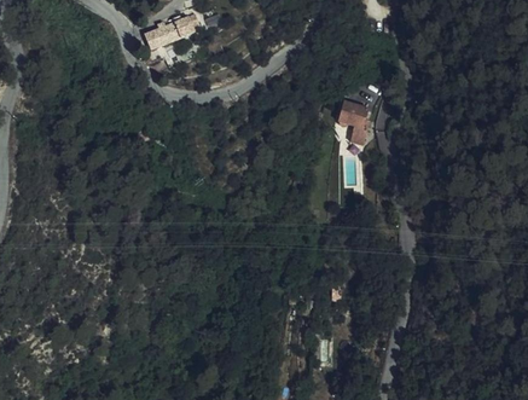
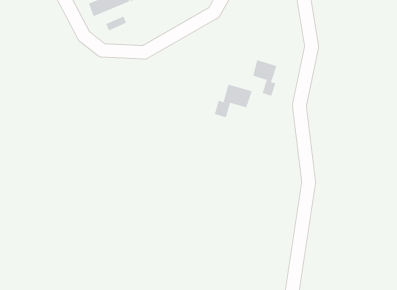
building: none -> [214,84,253,118]

